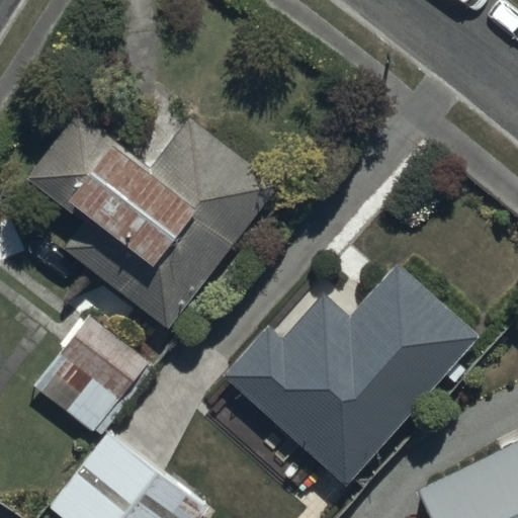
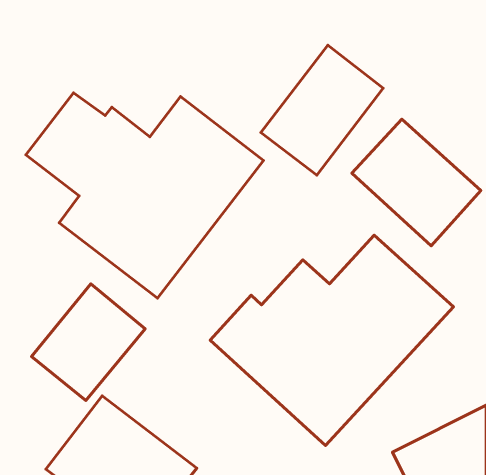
building: none -> [261,45,383,175]
building: none -> [352,119,481,246]

